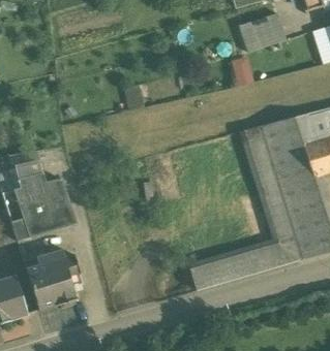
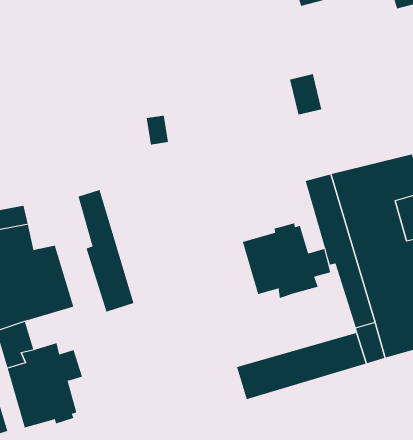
building: [238,12,284,52] -> none
building: none -> [78,189,134,312]
building: none -> [242,222,331,299]

